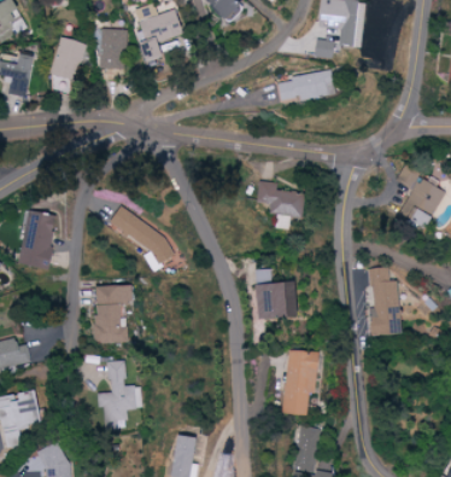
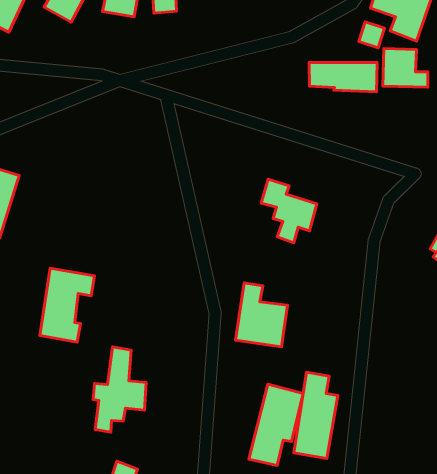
building: none -> [383,48,428,87]
building: [110,205,177,271] -> none
building: [371,267,400,335] -> [294,372,338,458]
building: [98,360,142,430] -> [93,347,146,432]

